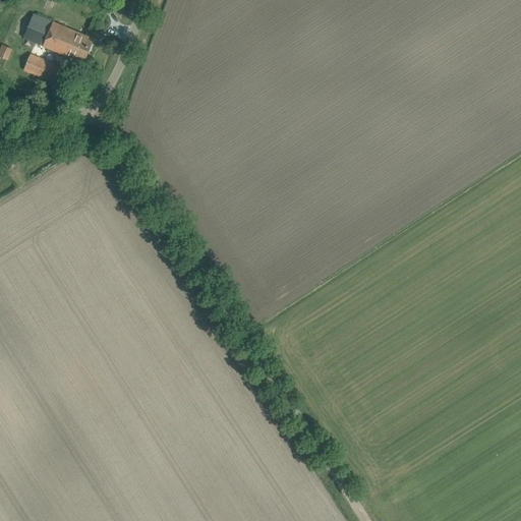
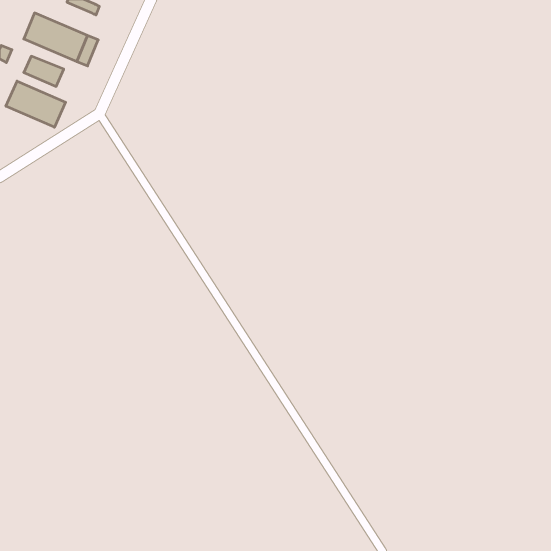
building: none -> [6,81,66,127]

